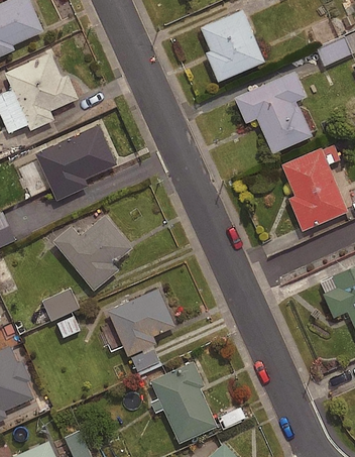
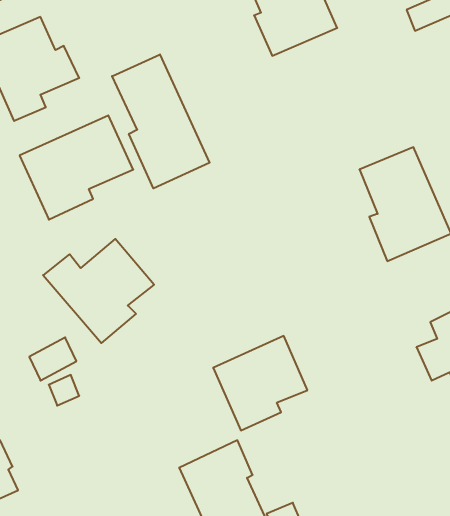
building: [234,72,313,154] -> none
building: none -> [112,54,210,188]
building: [107,289,175,357] -> [213,336,307,430]

